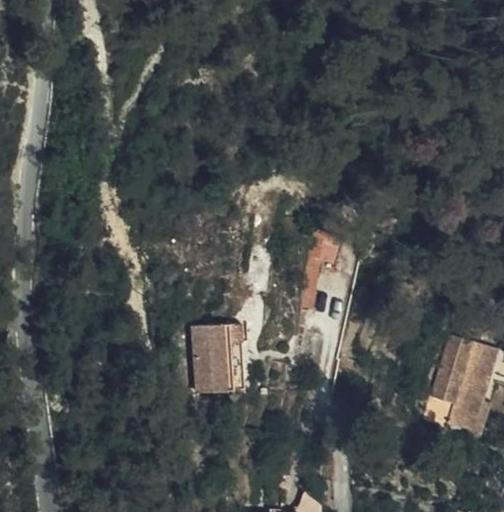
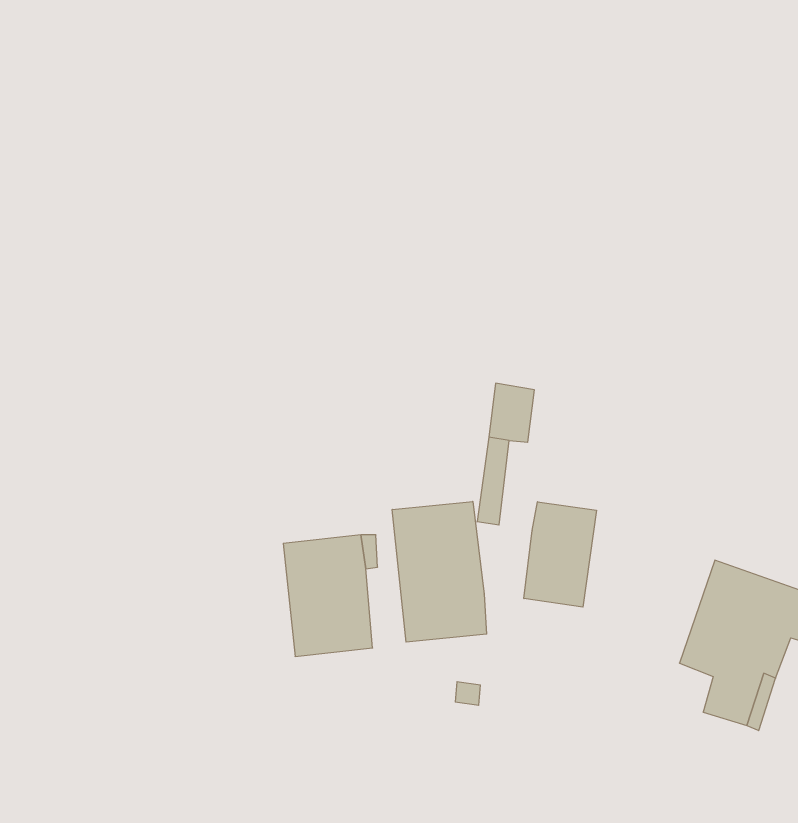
building: none -> [392,501,487,642]
building: none -> [524,502,596,607]

